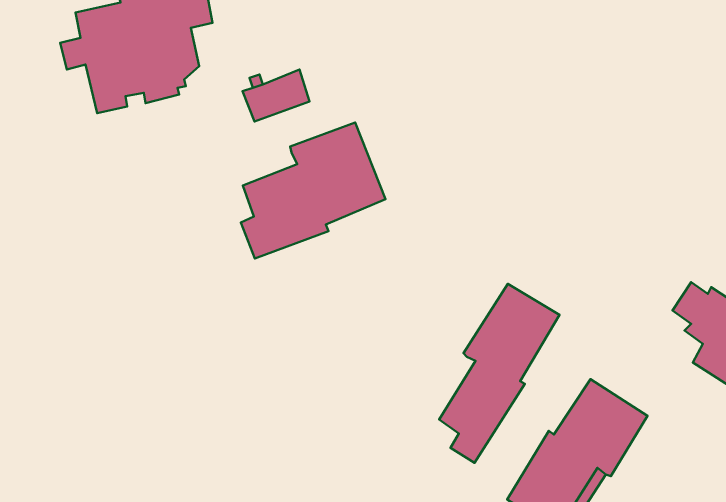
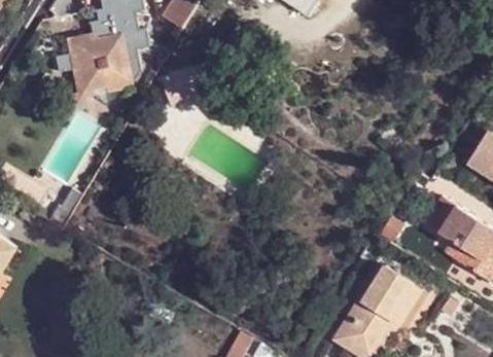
building: [241,122,385,258] -> none
building: [439,284,560,463] -> none

